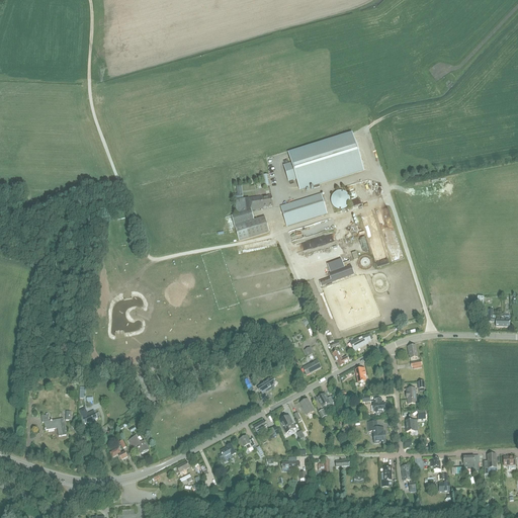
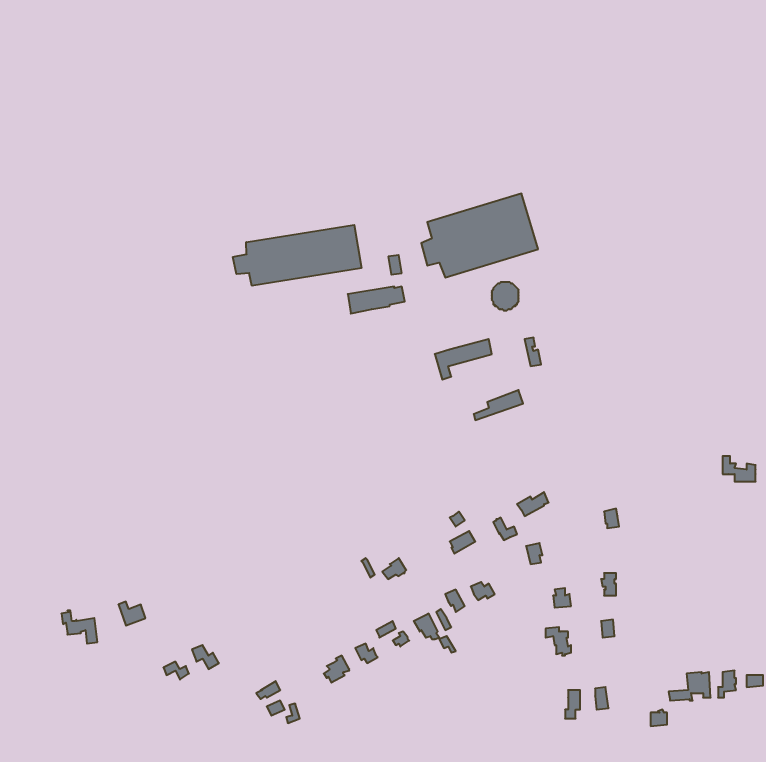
building: none -> [233,225,361,286]
building: [280,192,327,224] -> none
building: [232,208,269,239] -> none

